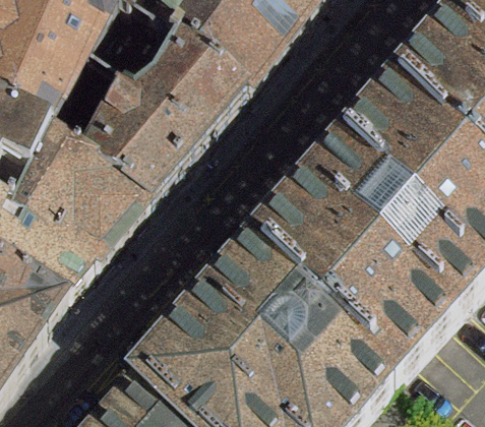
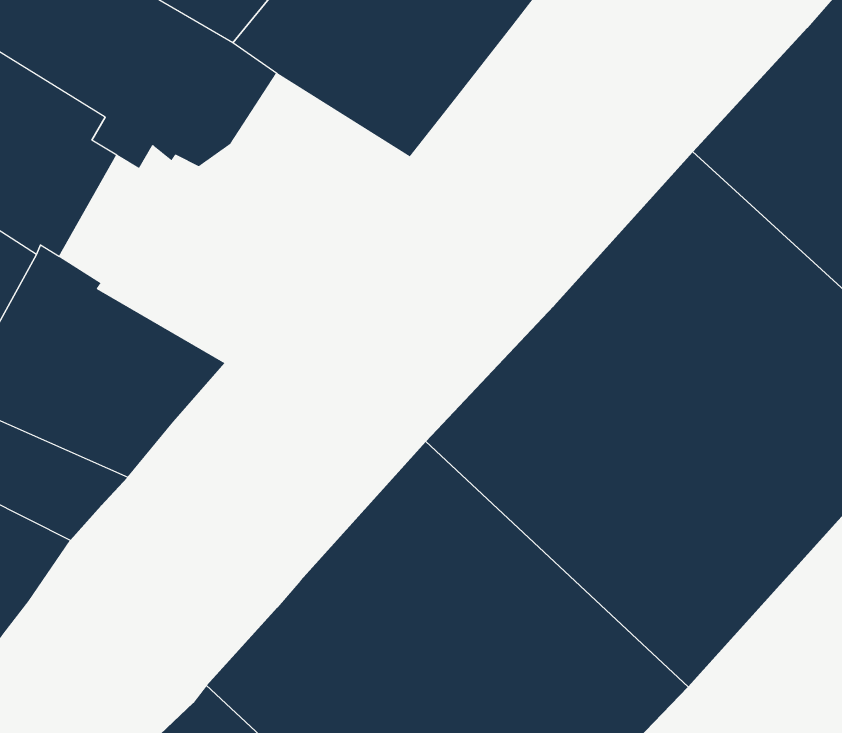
building: [67,54,234,208] -> none

